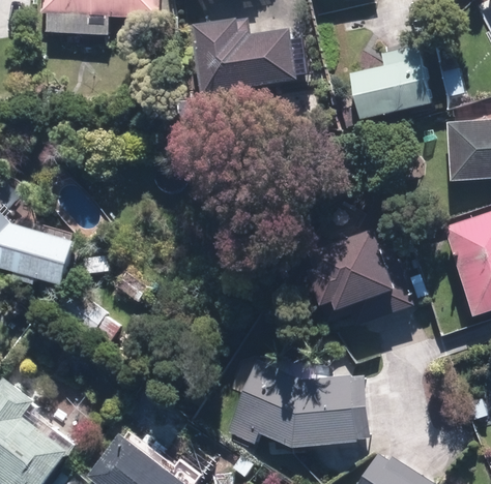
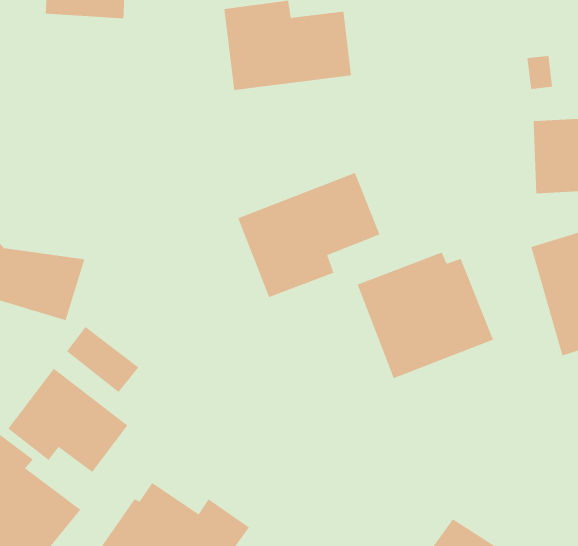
building: [348,43,434,123] -> none
building: none -> [238,172,380,298]
building: none -> [8,368,128,473]
building: [226,351,367,445] -> none

